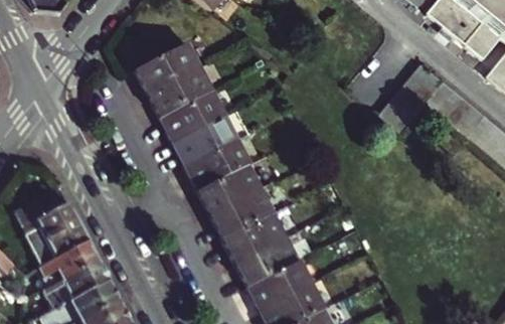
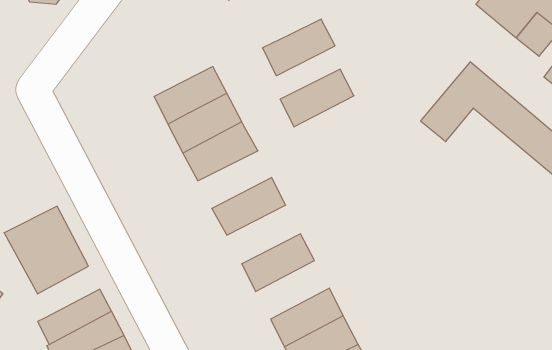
building: [135,43,198,93] -> [262,19,335,76]
building: [185,140,249,190] -> [280,69,354,127]
building: [210,187,275,238] -> none
building: [235,235,300,287] -> none
building: [40,240,100,286] -> none

